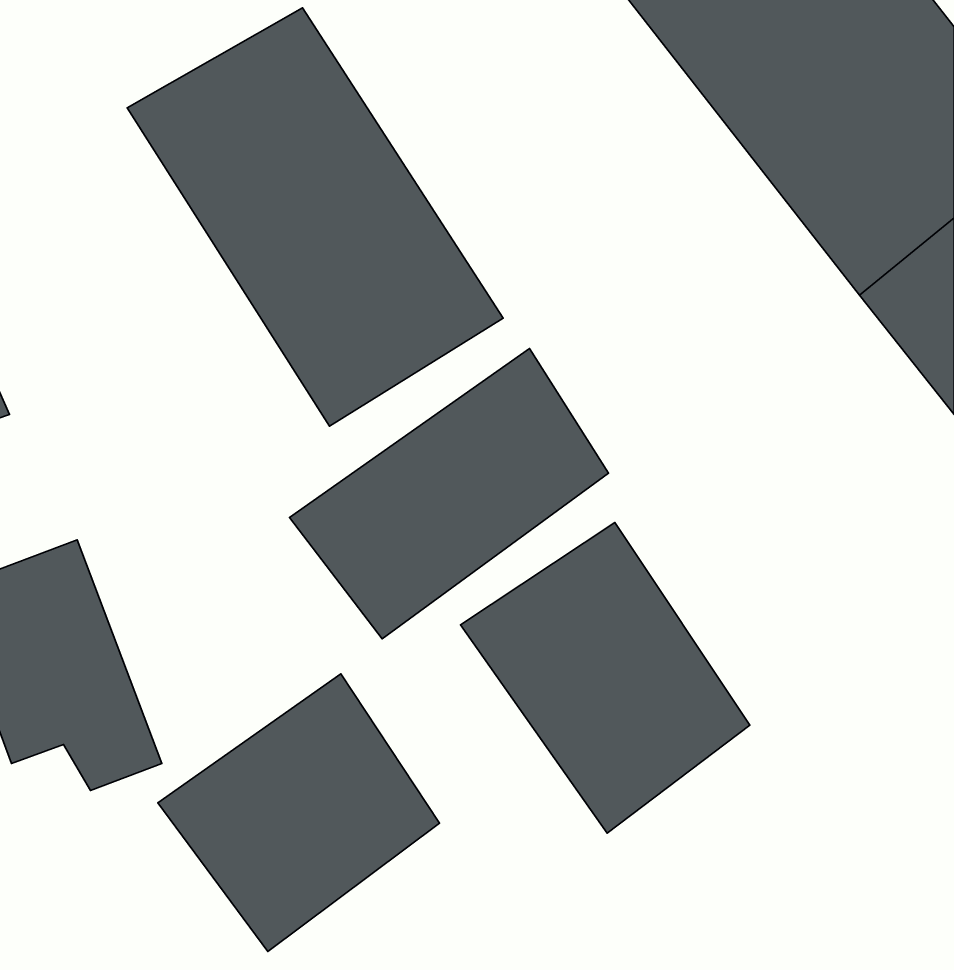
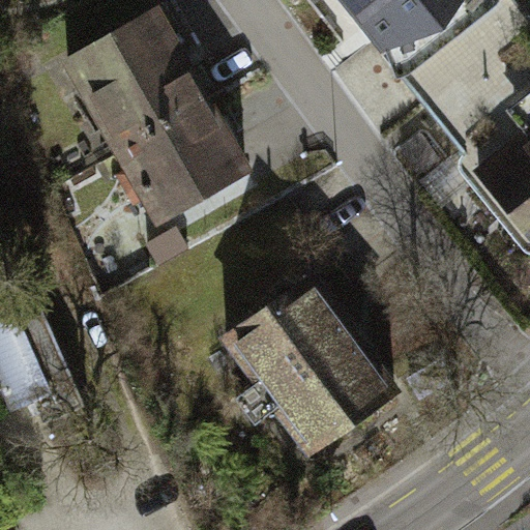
building: [290,349,608,639] -> none
building: [158,674,439,951] -> none

